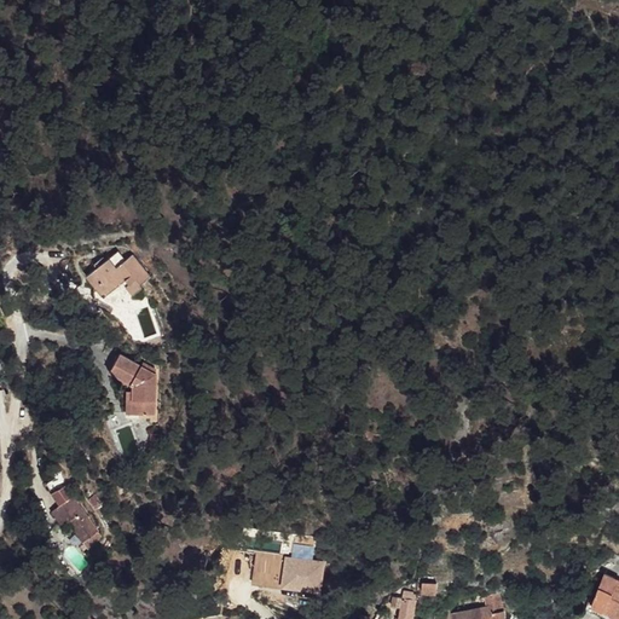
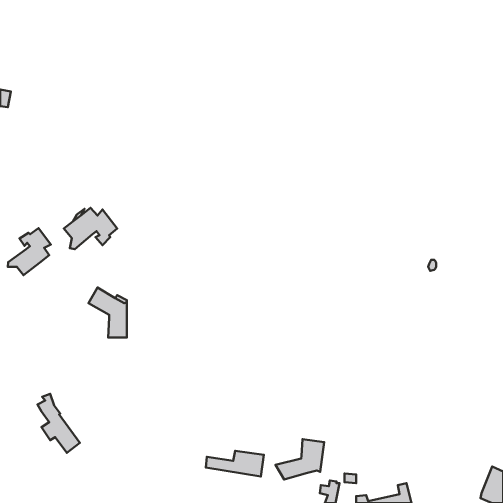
building: none -> [8,228,51,275]
building: none -> [276,439,324,479]

